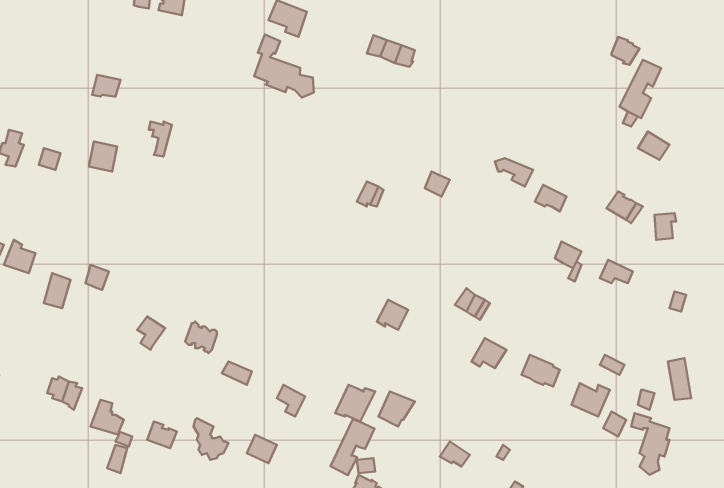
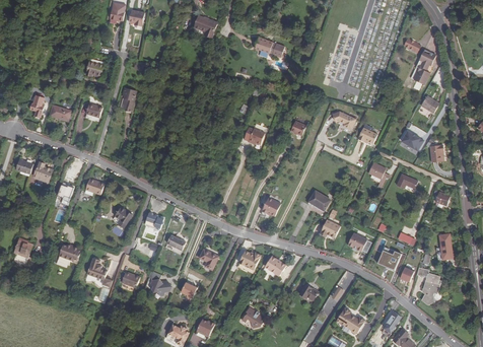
building: [254,35,314,98] -> none
building: [331,419,375,475] -> none

